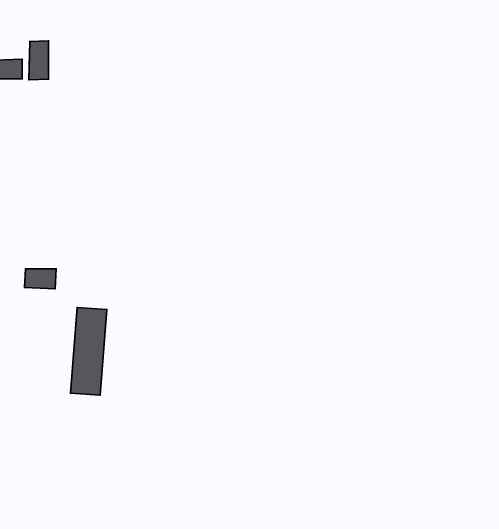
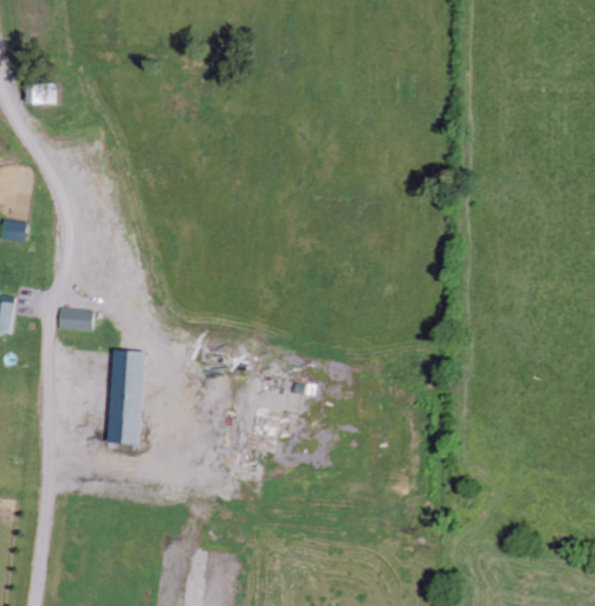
building: [29,41,49,80] -> none

